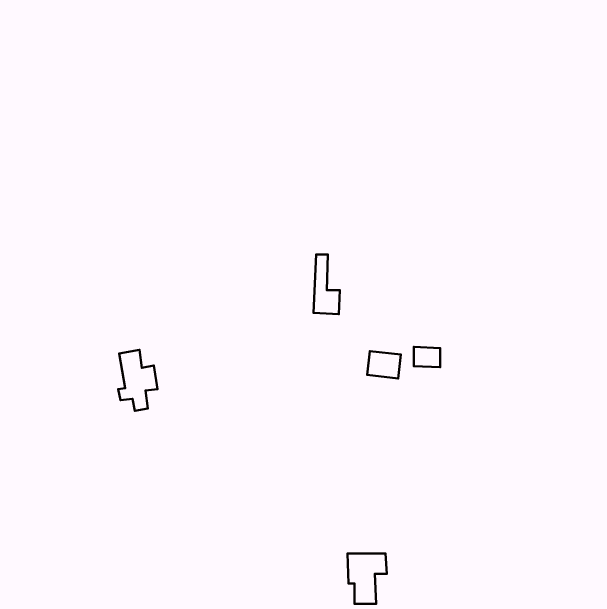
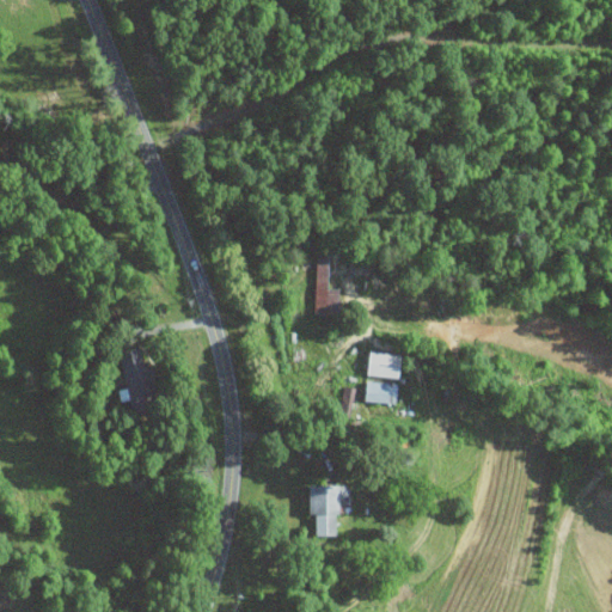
building: [414,347,440,367] -> [366,384,392,404]
building: [347,554,387,604] -> [310,486,349,537]

